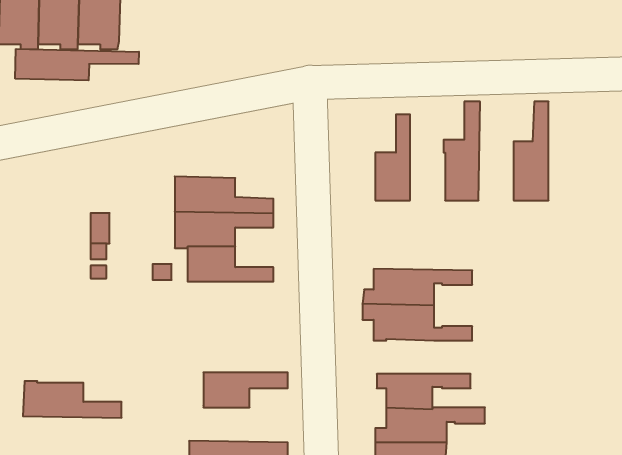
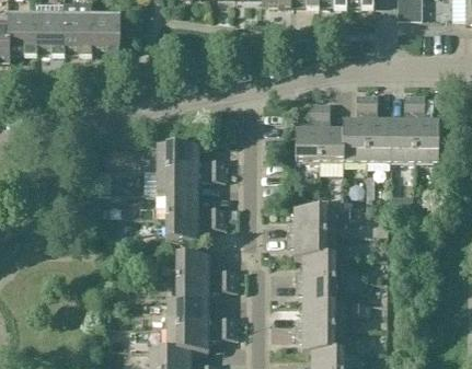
building: [15,49,139,80] -> none
building: none -> [366,93,390,161]
building: none -> [414,93,438,161]
building: none -> [319,102,343,161]
building: none -> [165,217,225,241]
building: none -> [176,255,234,279]
building: none -> [296,256,361,280]
building: [23,381,122,418] -> [166,302,234,327]

